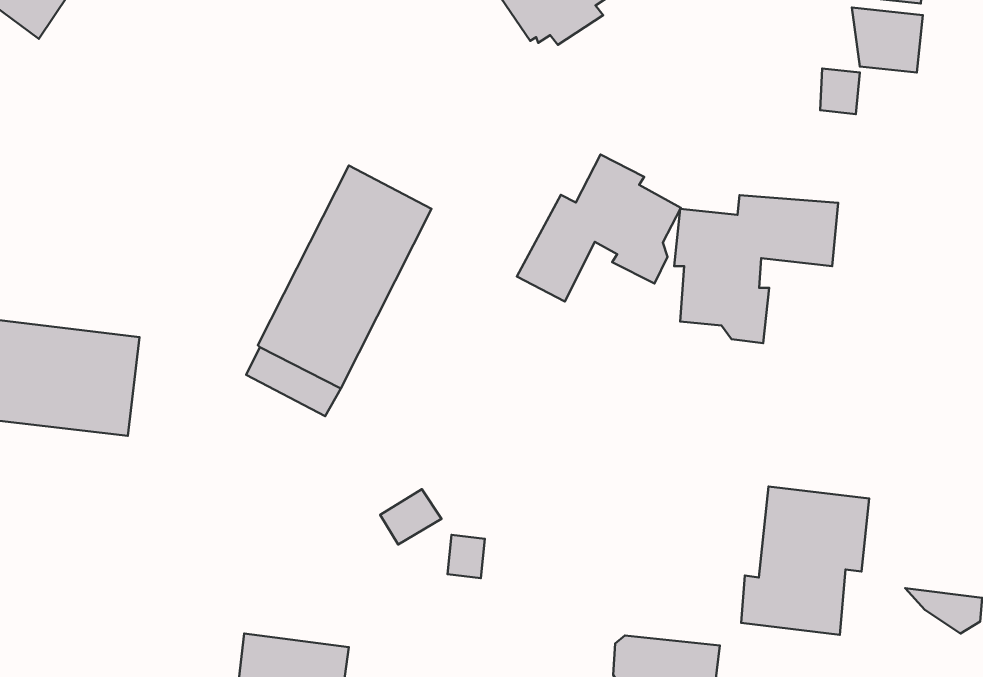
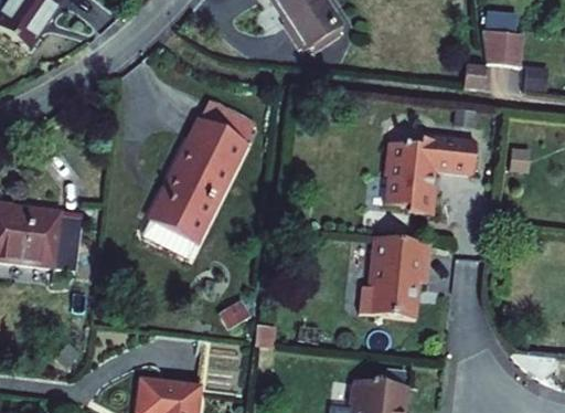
building: none -> [201,98,257,141]
building: [517,155,681,302] -> none
building: [741,487,869,635] -> [361,236,433,319]

